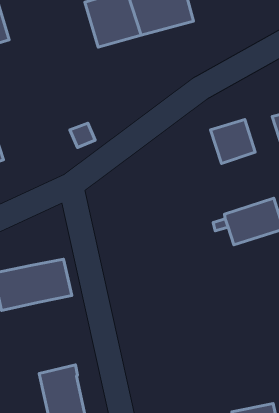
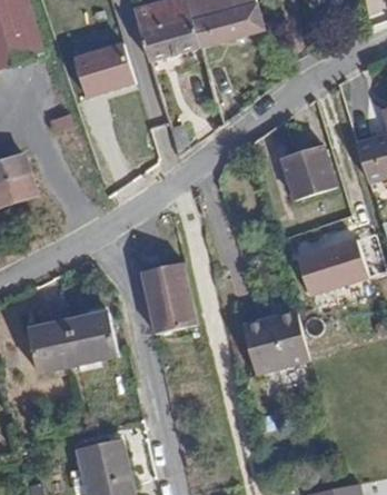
building: none -> [71,42,136,101]
building: none -> [141,261,197,333]
building: none -> [242,309,309,373]

